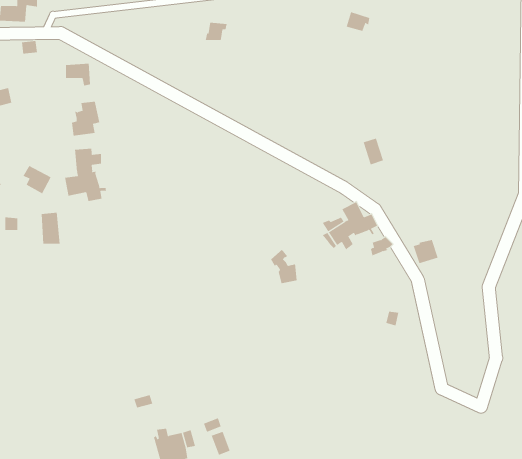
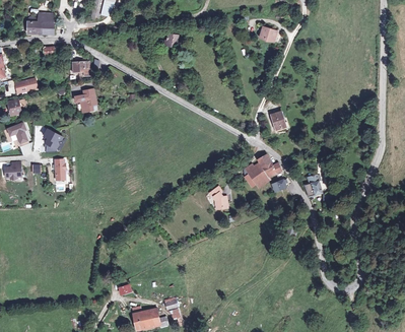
building: [65,148,107,202] -> none

